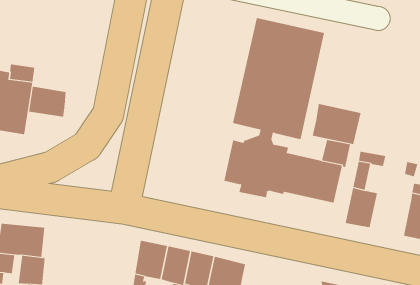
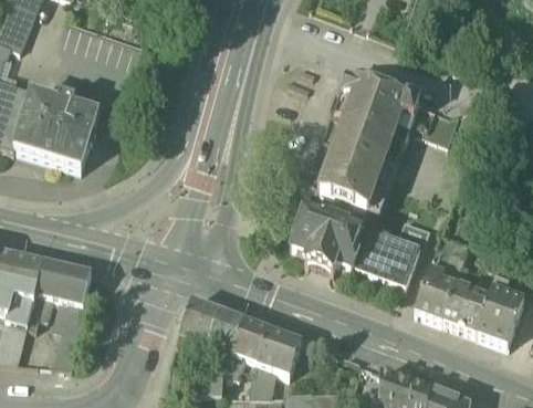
building: [29,86,66,117] -> none
building: [312,103,361,145] -> none
building: none -> [442,280,490,329]

